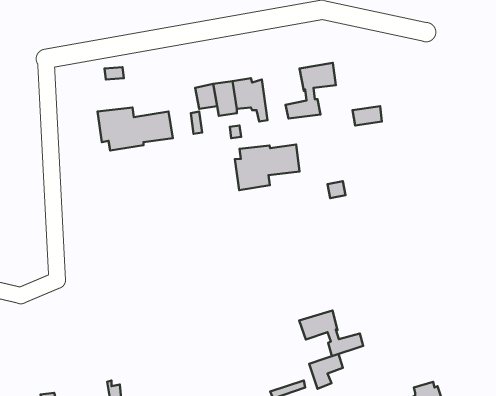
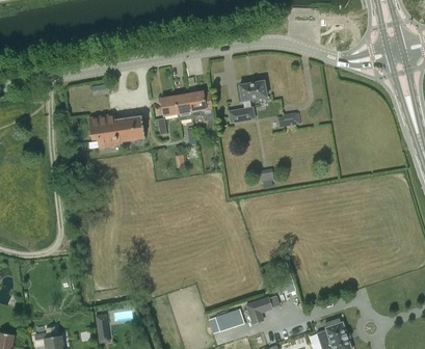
building: [235,145,300,190] -> none
building: [299,310,363,356] -> none

